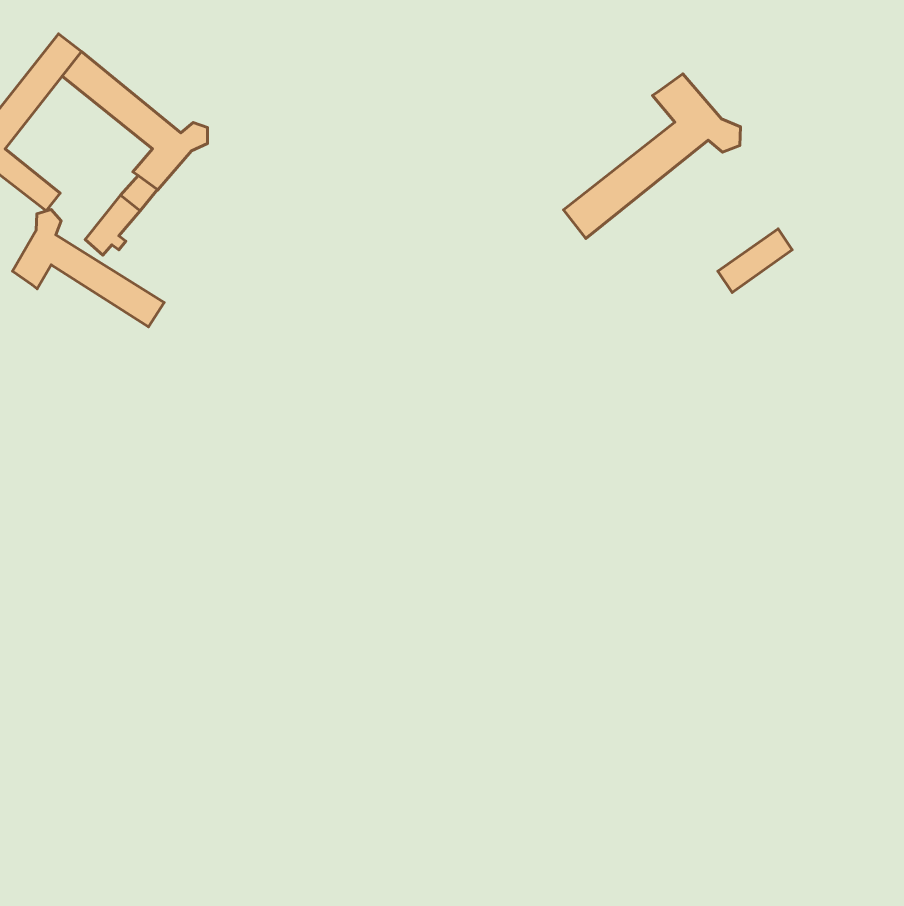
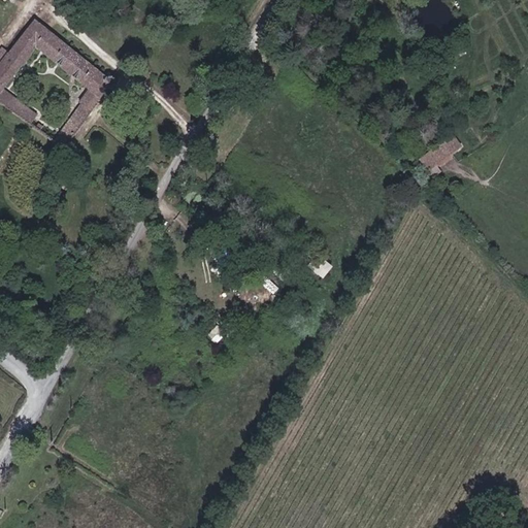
building: [564,74,740,238] -> none
building: [13,209,164,327] -> none

